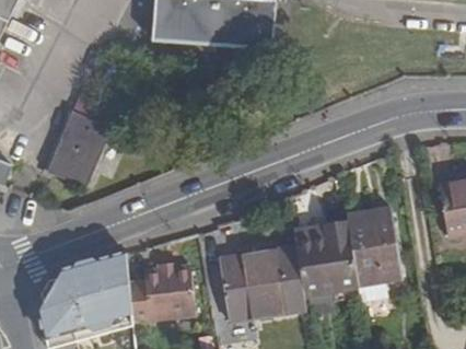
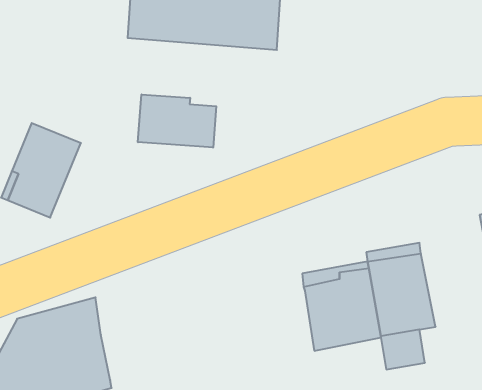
building: none -> [138,94,216,148]
building: [219,247,306,321] -> none
building: [129,261,199,321] -> none

